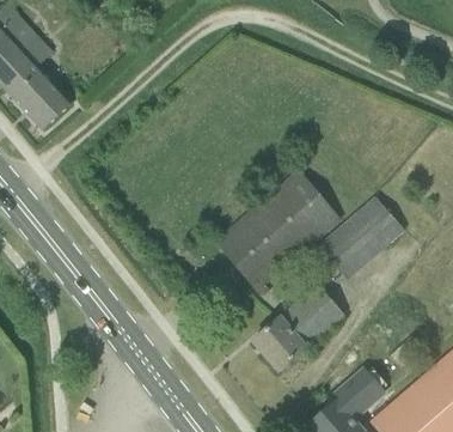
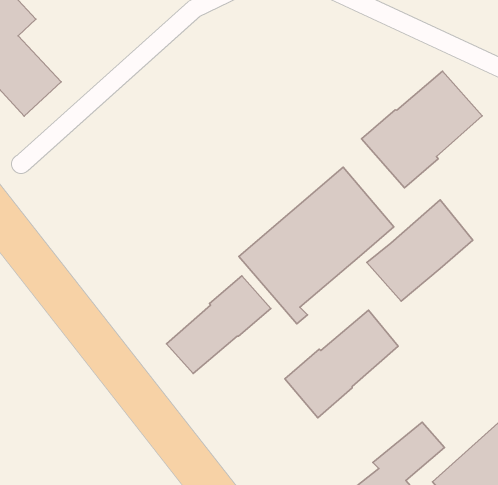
building: none -> [362,71,482,188]
building: none -> [167,276,271,374]

